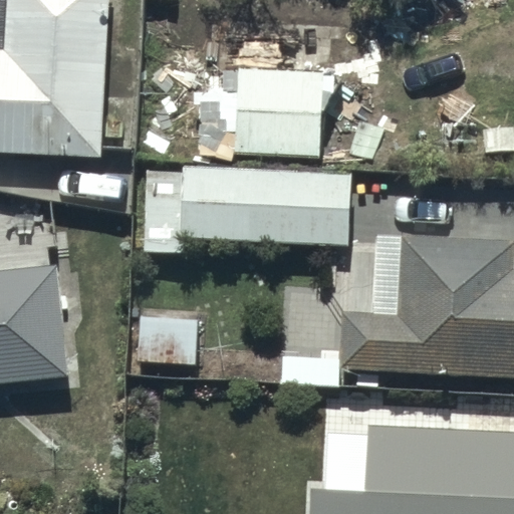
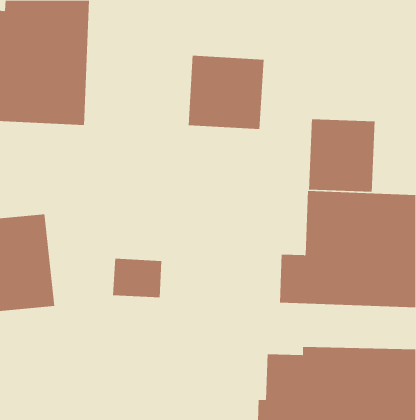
building: none -> [308,118,375,193]
building: [142,167,353,256] -> none

